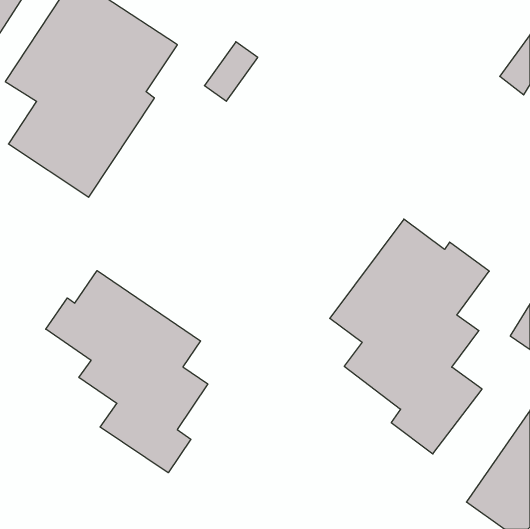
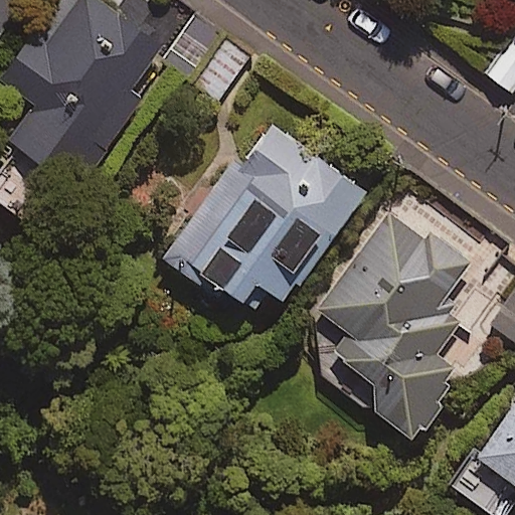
building: none -> [168,124,368,306]
building: [46,271,208,473] -> none

